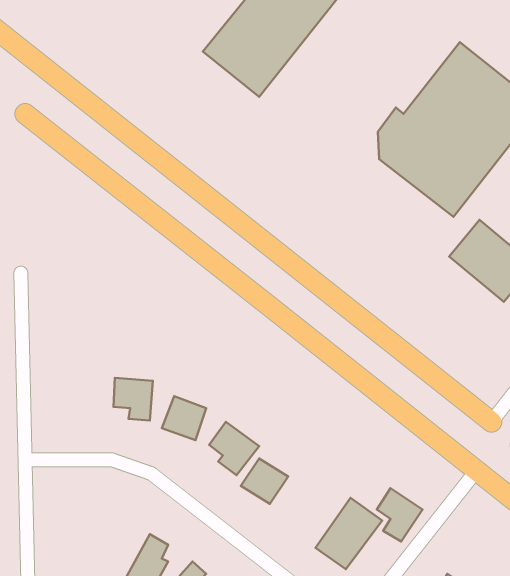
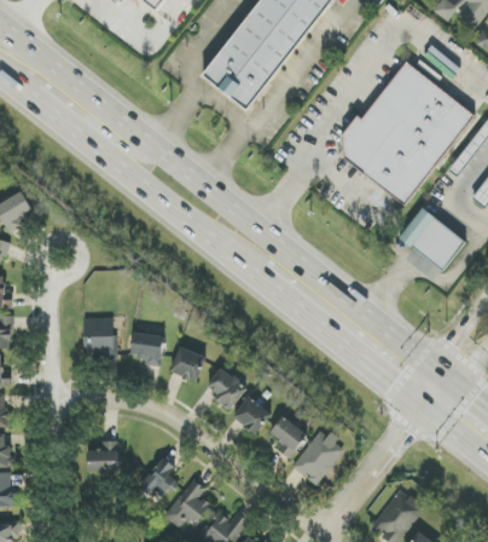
building: none -> [82,316,112,354]
building: [377,488,423,541] -> [269,415,306,457]
building: none -> [85,439,117,471]

